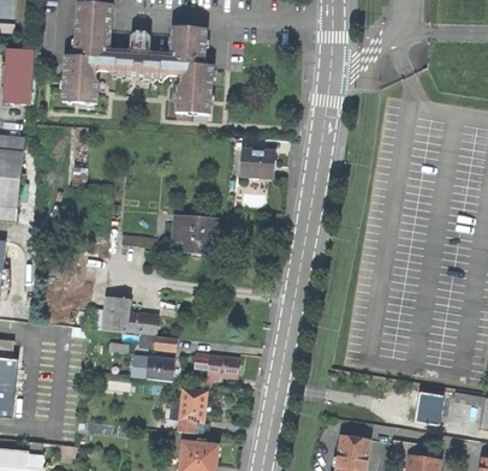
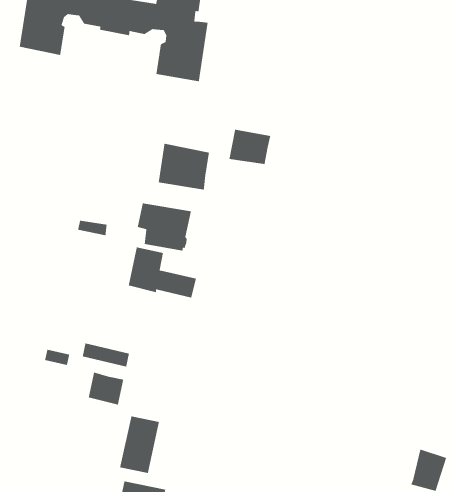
building: none -> [158,143,210,190]
building: [102,297,157,334] -> [128,247,197,298]
building: [195,354,240,387] -> none

